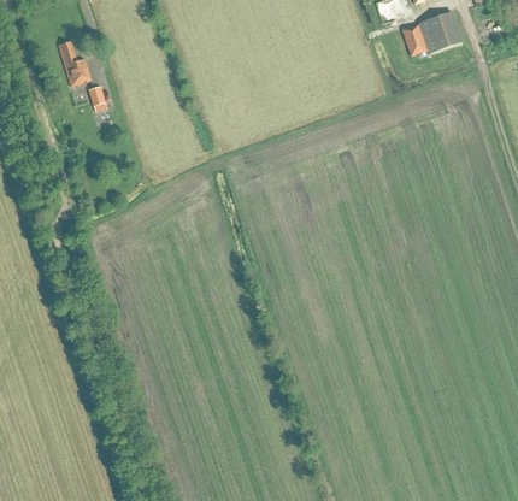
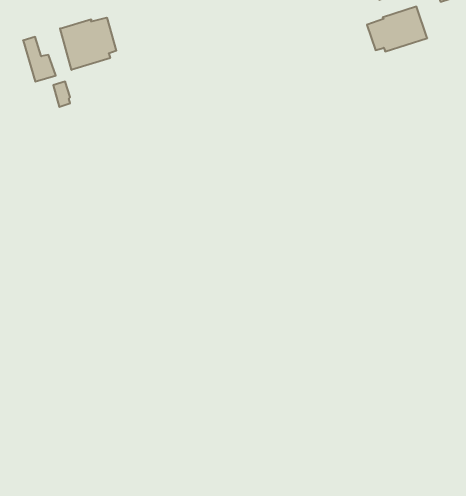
building: none -> [60,18,116,70]

